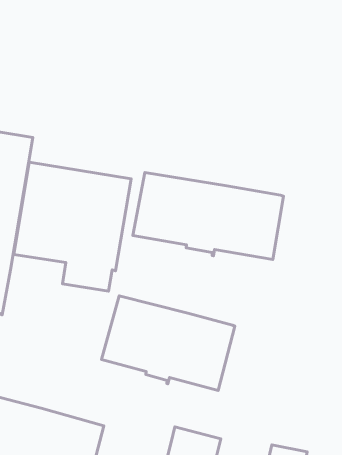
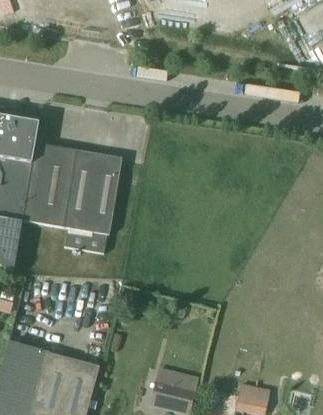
building: [133,172,283,260] -> none
building: [101,296,235,390] -> none

